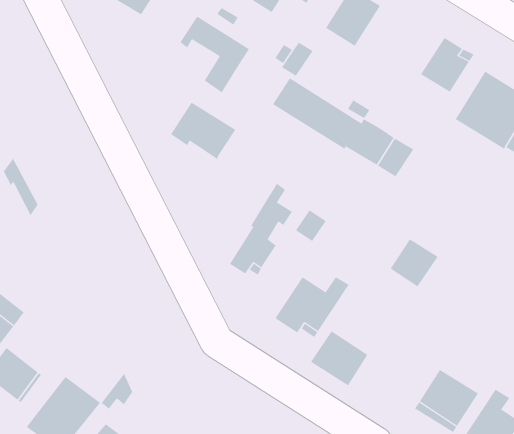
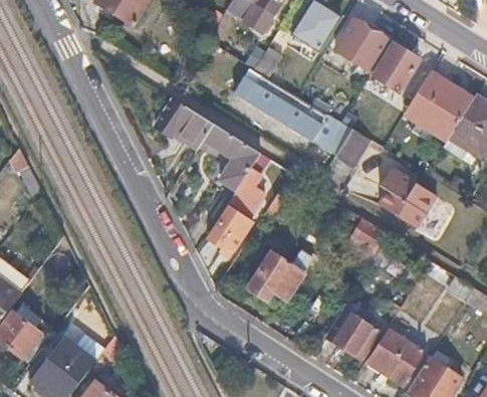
building: none -> [333,19,387,70]
building: [179,16,250,93] -> [199,123,260,190]
building: none -> [382,169,438,228]
building: [310,331,368,386] -> [327,311,378,359]

